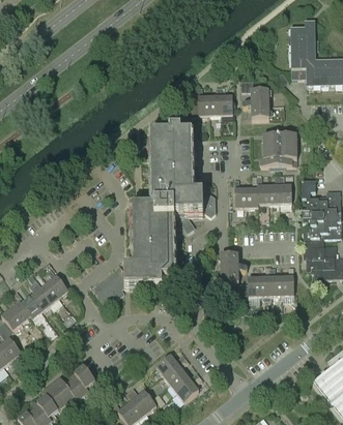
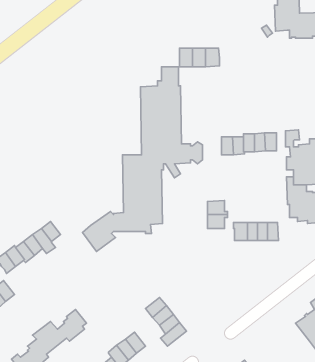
building: [248,89,268,118] -> none
building: [260,133,296,168] -> none

